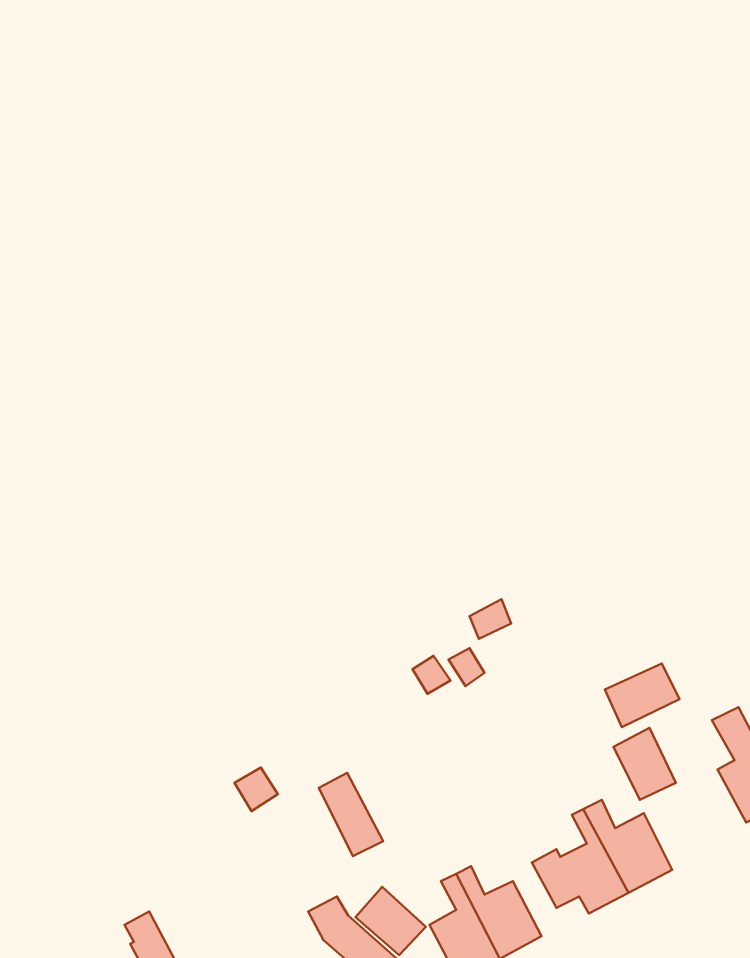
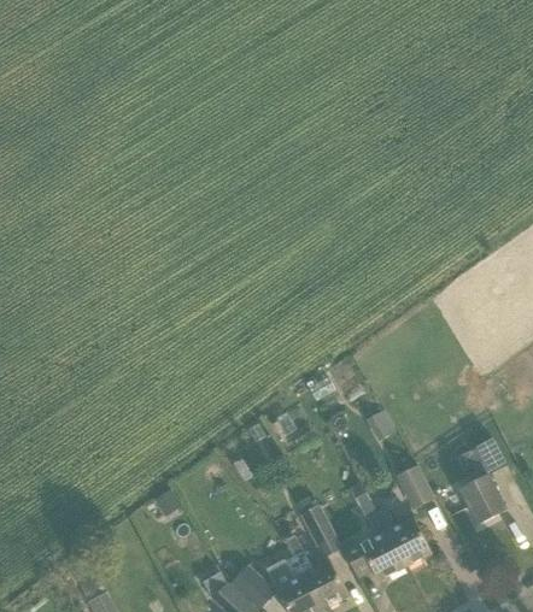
building: [605,663,680,727] -> none
building: [319,773,383,856] -> [301,505,342,558]

